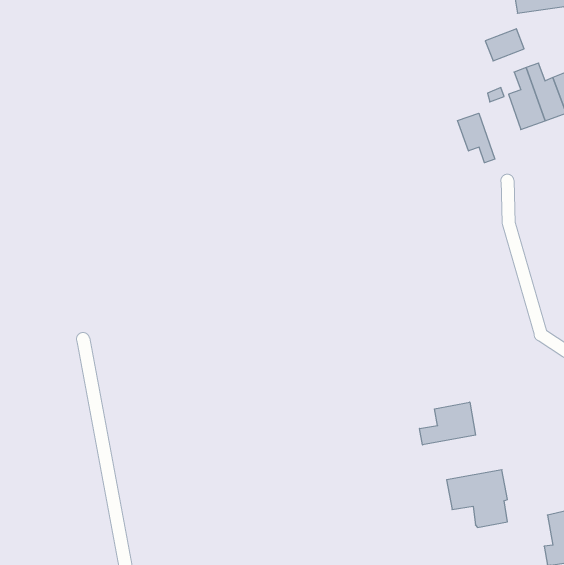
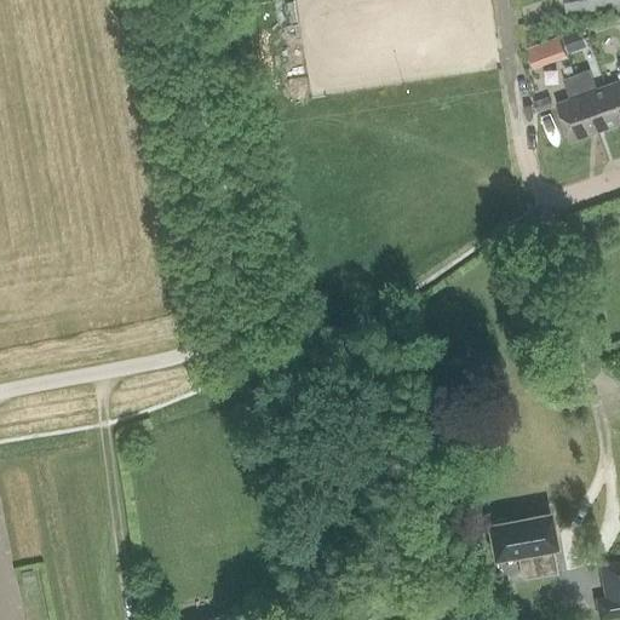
building: [457,113,495,163] -> none
building: [420,402,476,445] -> none

